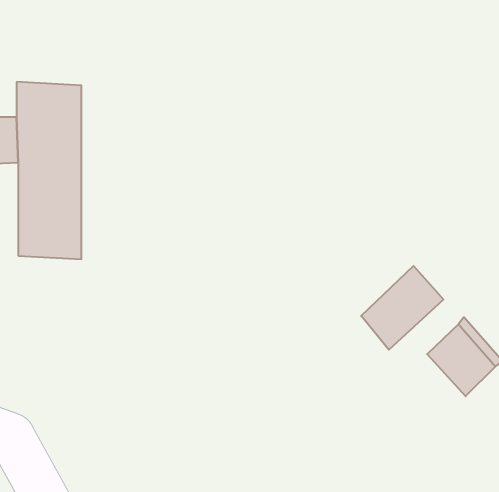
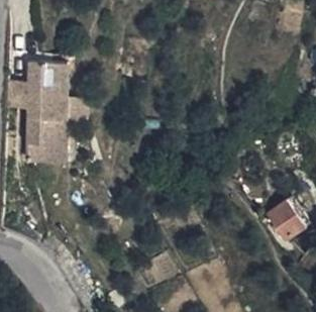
building: [361,266,443,350] -> none

